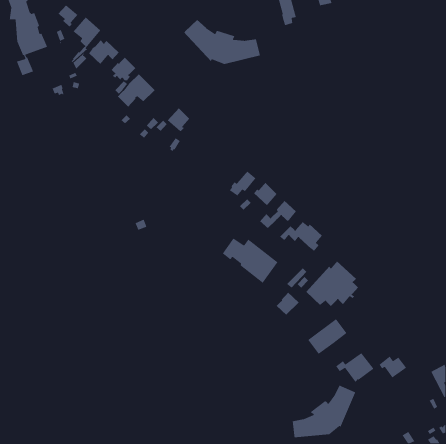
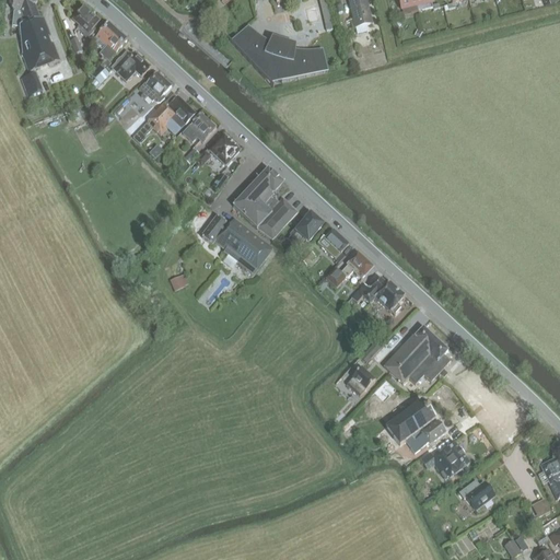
building: none -> [182,113,215,142]
building: none -> [232,167,296,238]
building: [222,238,279,284] -> [201,215,272,273]
building: none -> [411,419,445,446]
building: [378,356,407,378] -> [458,480,494,509]
building: [292,384,357,438] -> none

